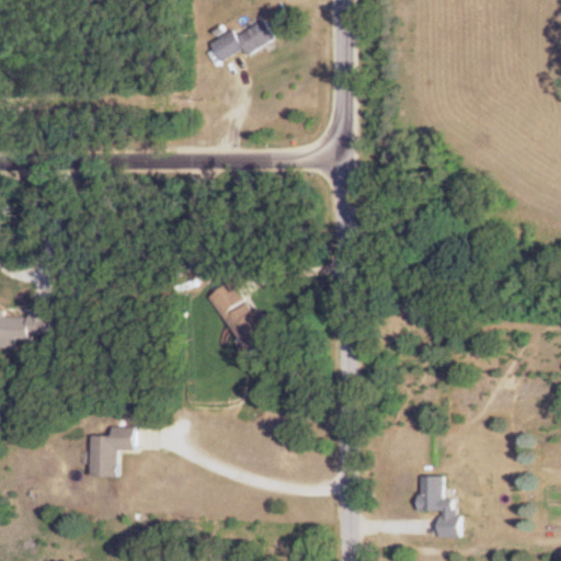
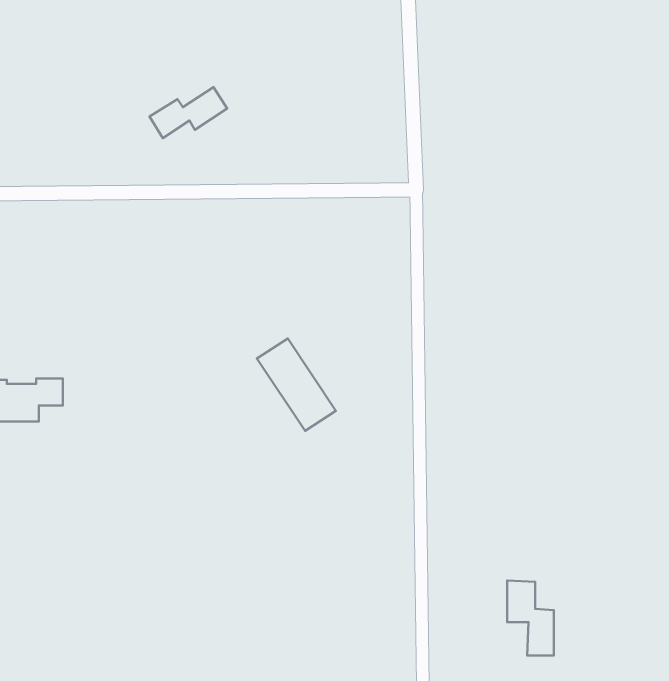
building: [208,20,272,61] -> [149,87,227,138]
building: [87,426,134,478] -> none

